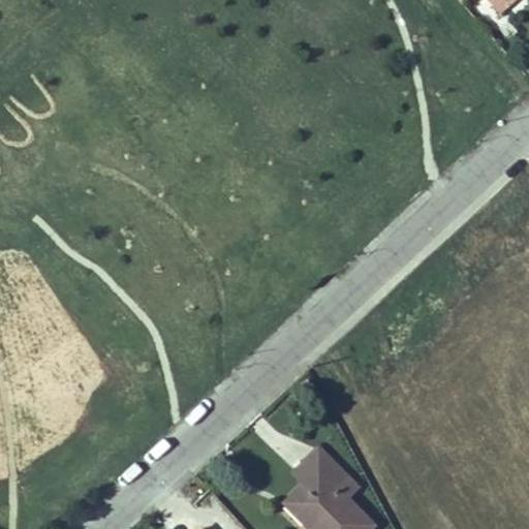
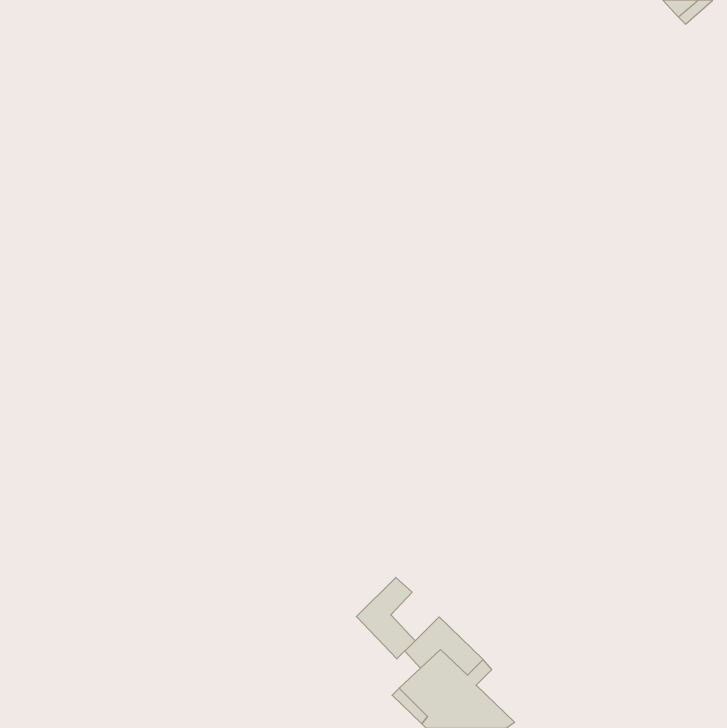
building: none -> [356,577,415,659]

